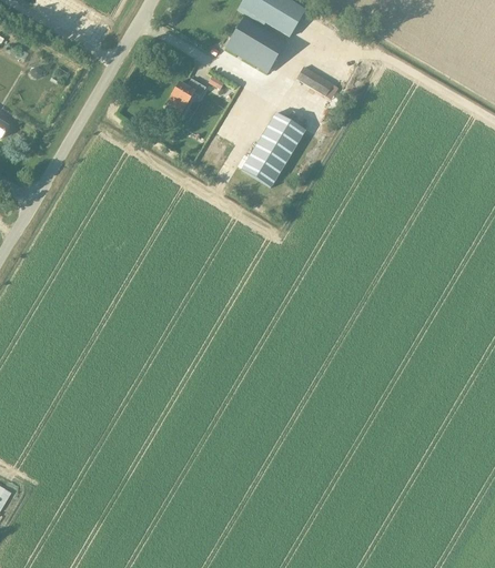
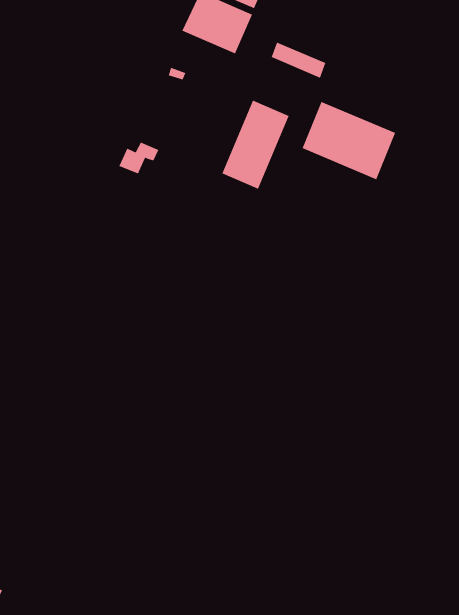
building: [170,78,205,104] -> [119,142,159,174]
building: none -> [302,101,396,180]

